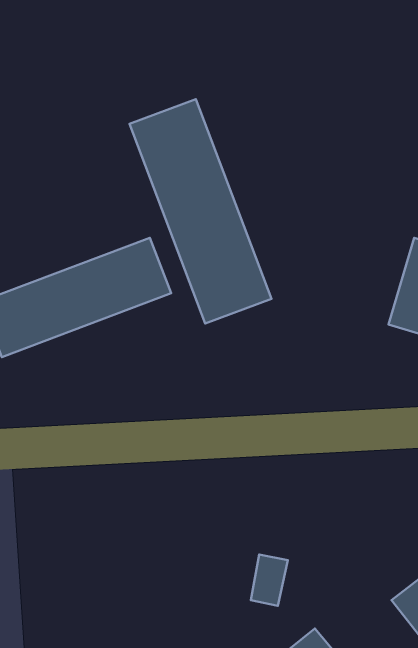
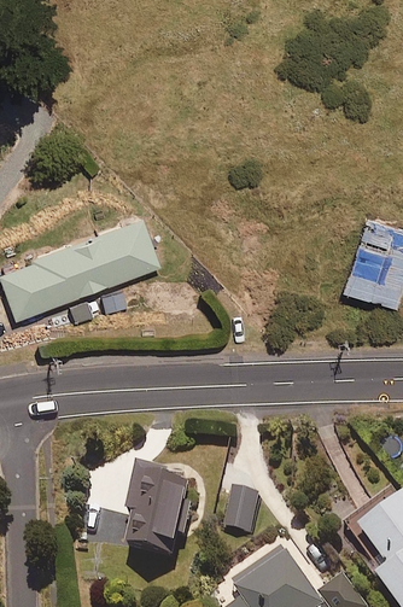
building: [130,99,271,323] -> none
building: none -> [130,471,198,561]

